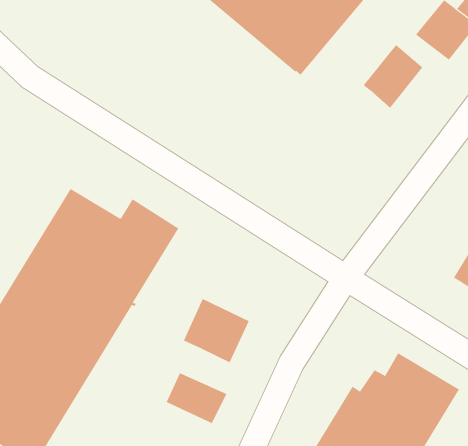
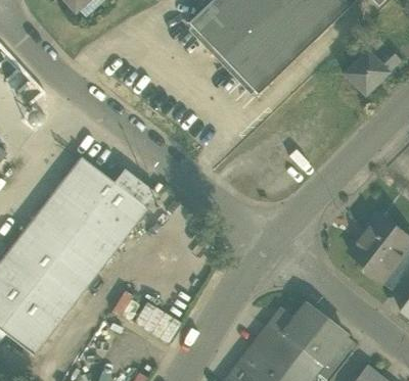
building: [363,44,423,108] -> none
building: [183,298,249,363] -> none

